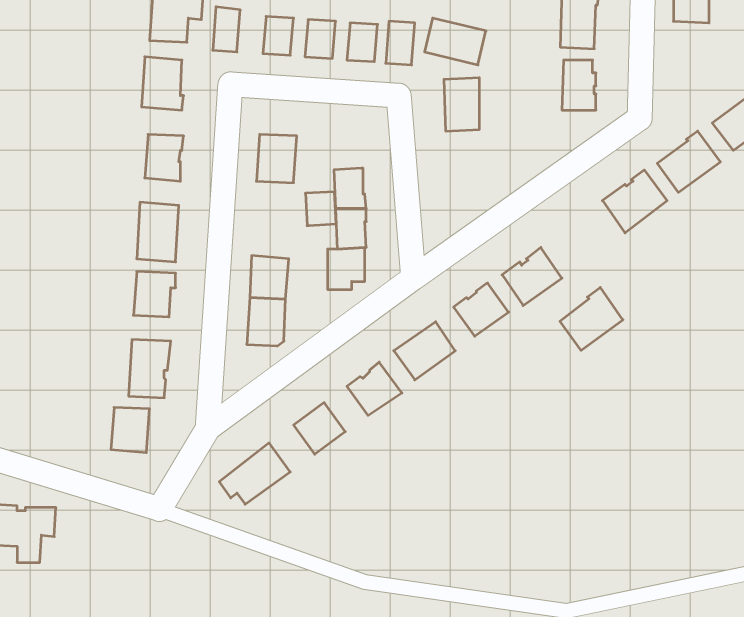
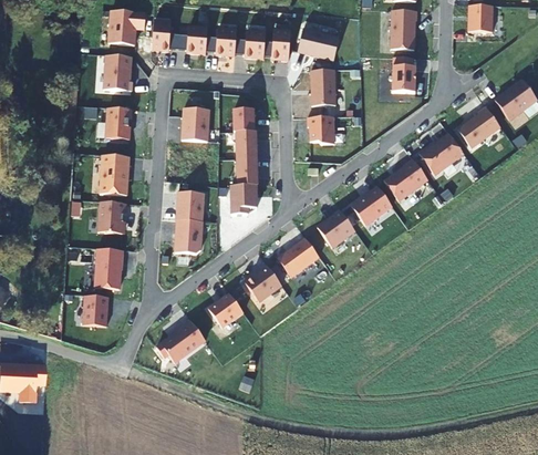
building: none -> [306,117,332,145]
building: [305,192,336,226] -> [232,110,254,133]
building: [560,287,623,350] -> [383,158,426,201]

